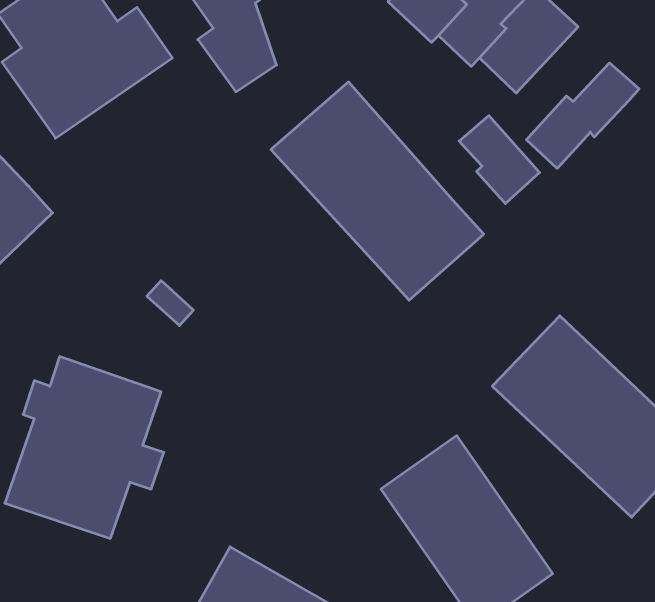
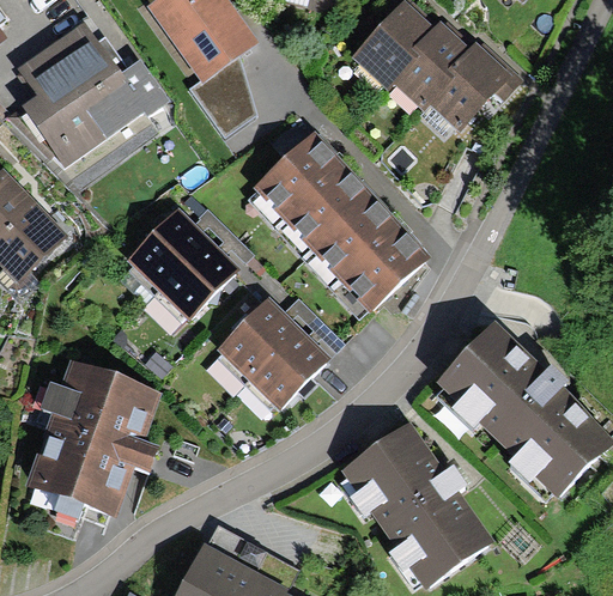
building: [526,63,639,168] -> none
building: [459,116,540,204] -> none
building: none -> [131,213,236,318]
building: none -> [214,302,322,408]

